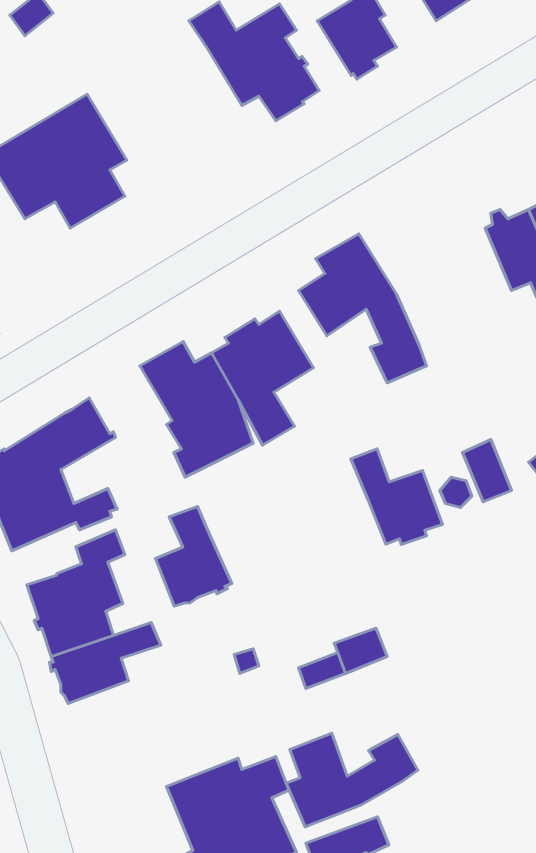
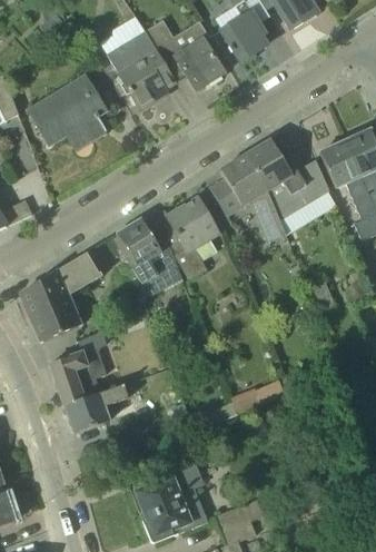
building: none -> [107,29,177,109]
building: none -> [246,139,330,220]
building: [351,449,442,544] -> none
building: [156,507,232,606] -> none
building: [286,733,418,827] -> none

